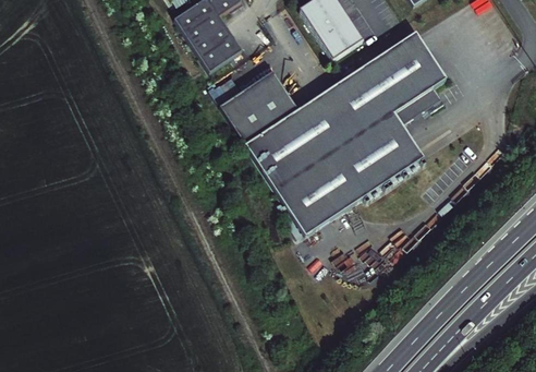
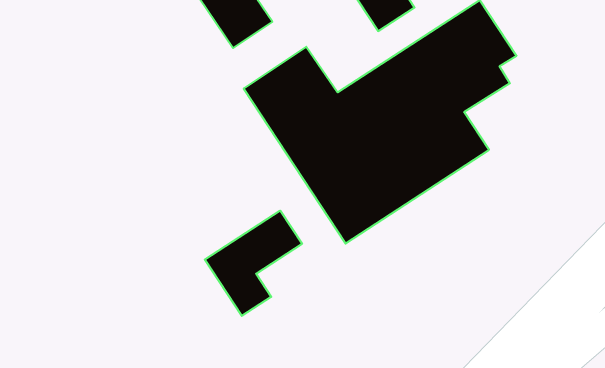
building: none -> [205,211,302,316]

